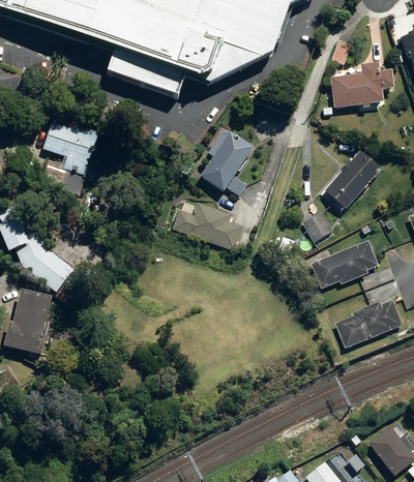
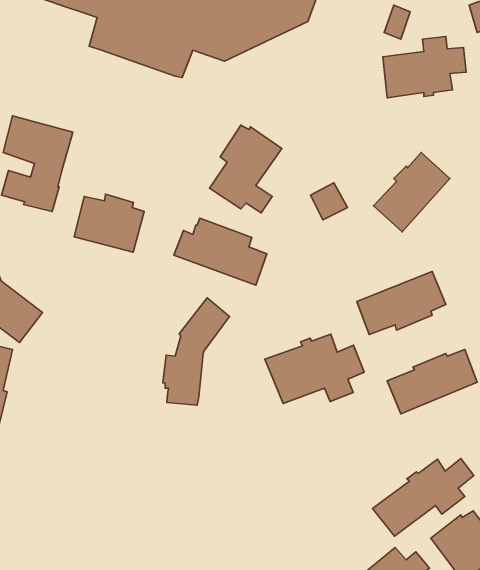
building: none -> [74,194,144,252]
building: [303,212,331,240] -> [310,183,347,220]
building: none -> [163,298,230,405]
building: none -> [265,334,364,404]
building: none -> [373,459,474,536]

